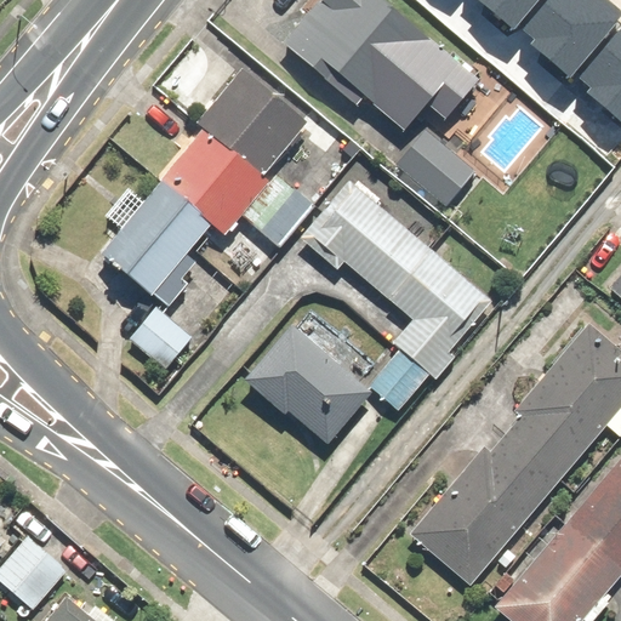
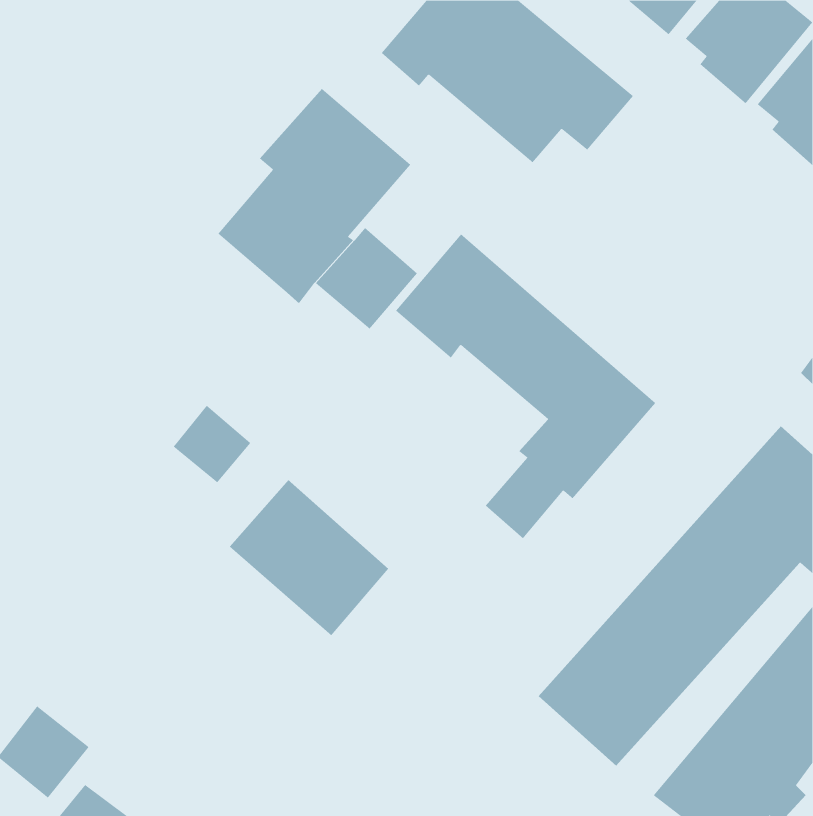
building: [394,131,473,207] -> none
building: [99,178,217,309] -> none
building: [250,324,371,443] -> [229,479,389,636]

